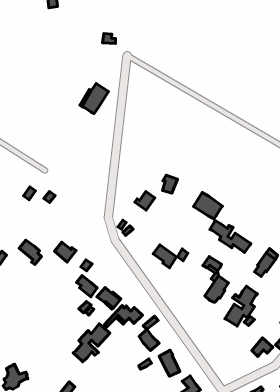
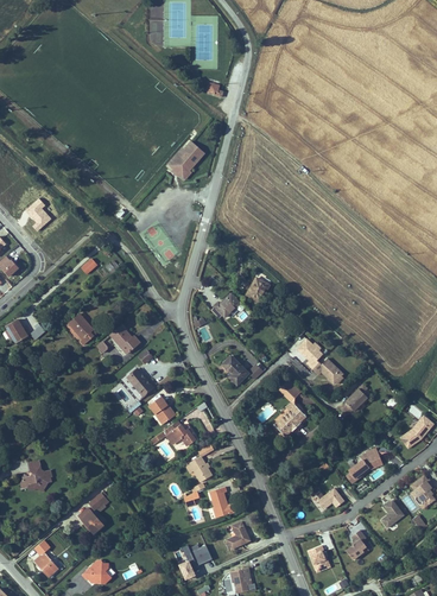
building: [194,193,223,219] -> none
building: [225,286,258,326] -> none
building: [73,324,110,362] -> none

